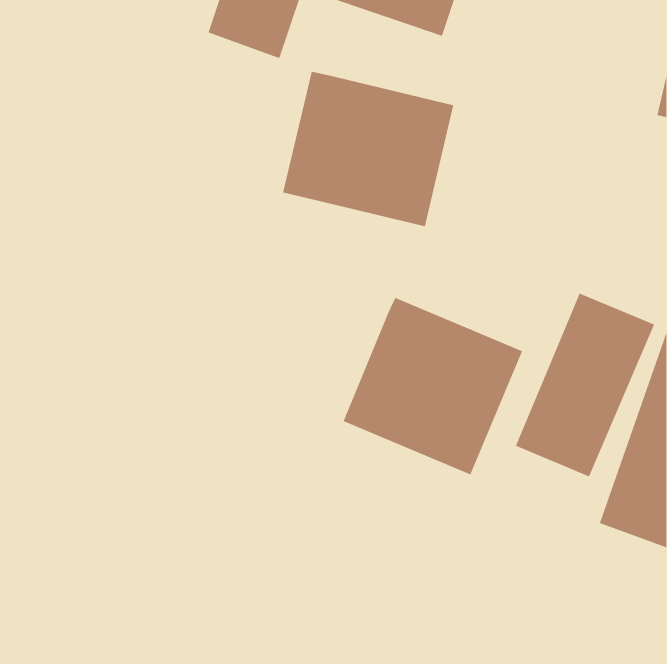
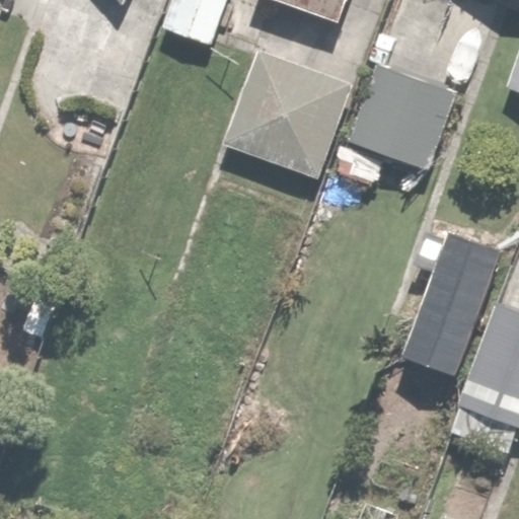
building: none -> [353,63,458,171]
building: [342,297,523,476] -> none

